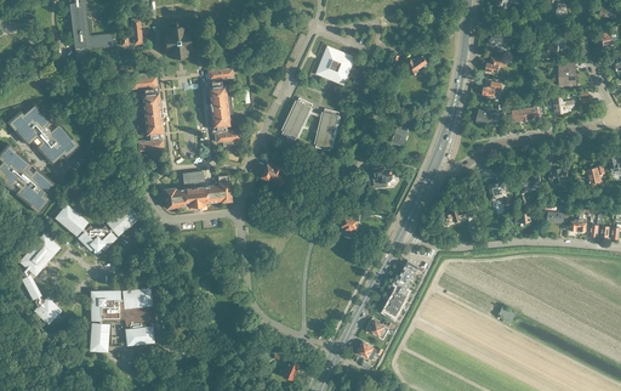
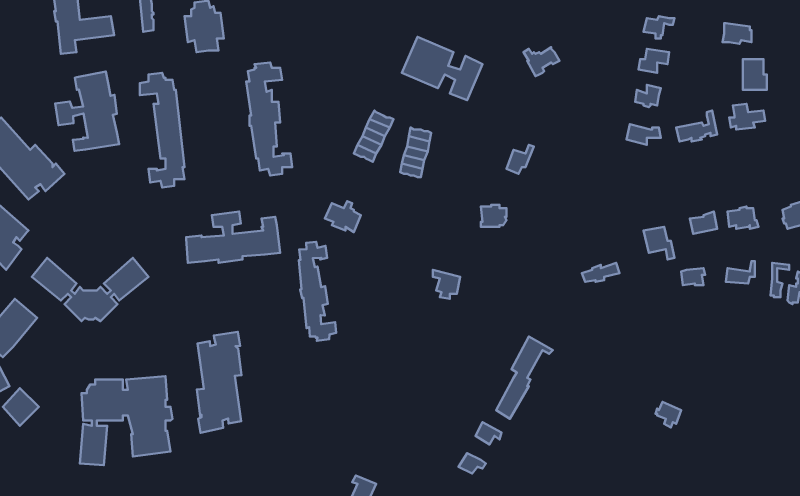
building: none -> [55,72,119,151]
building: none -> [299,242,336,341]
building: none -> [197,332,242,433]

